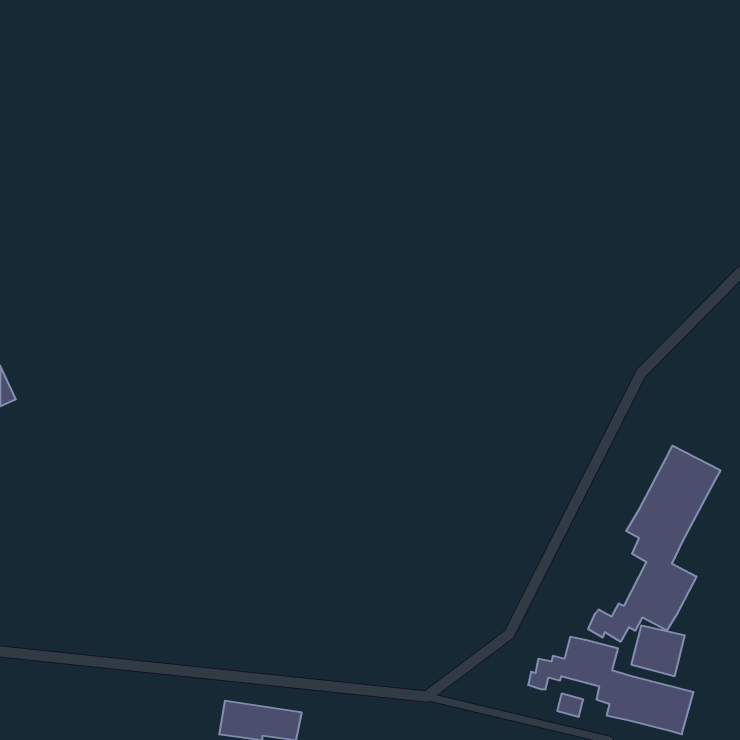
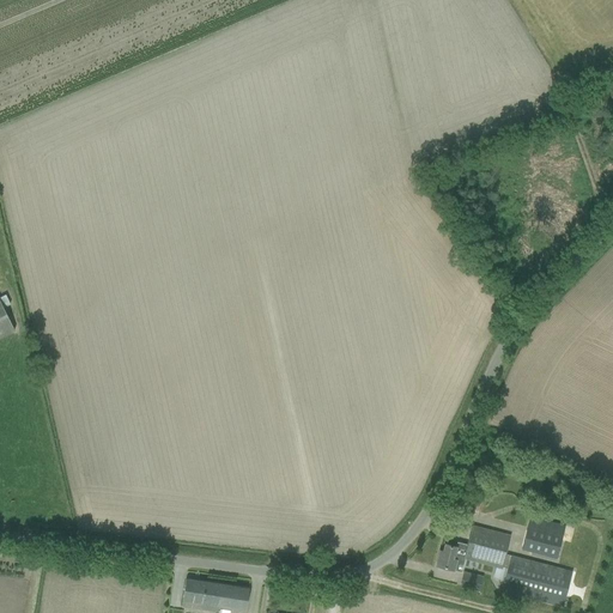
building: [588,446,720,642] -> none

